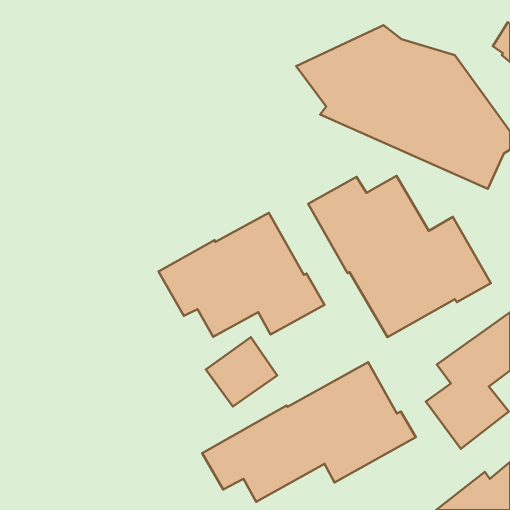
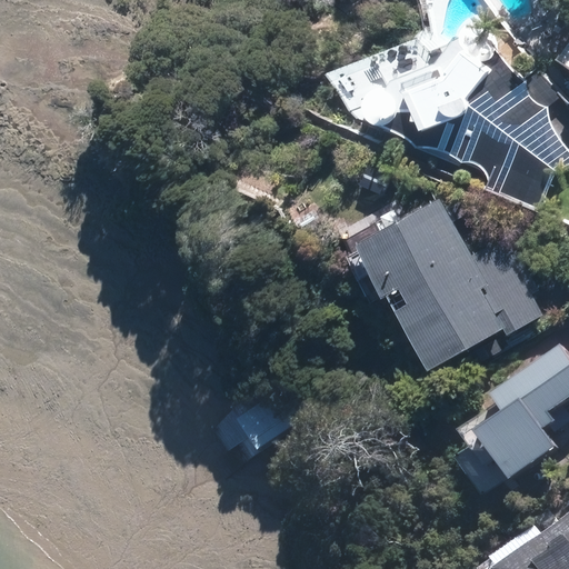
building: [159,213,324,337] -> none
building: [202,362,416,502] -> none

